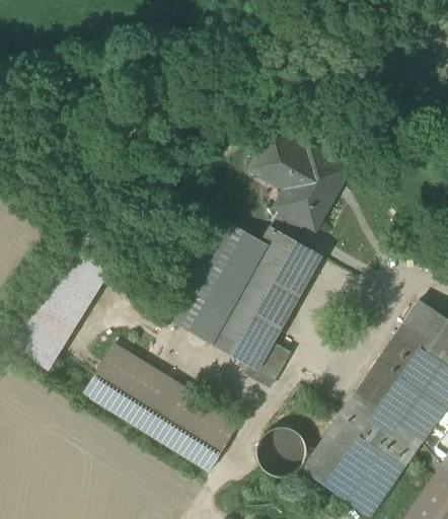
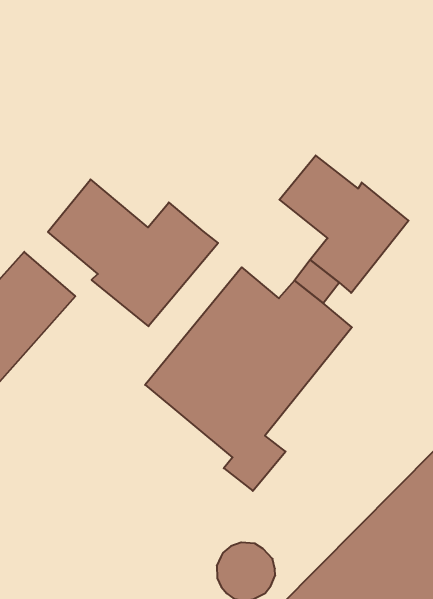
building: none -> [48,179,218,326]
building: [85,345,240,470] -> none

